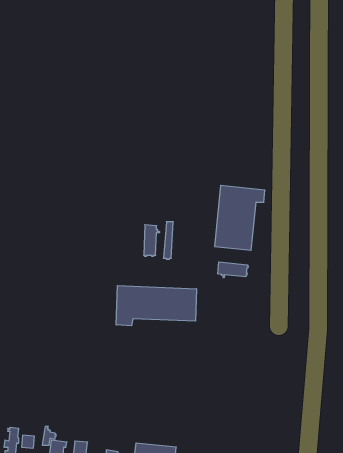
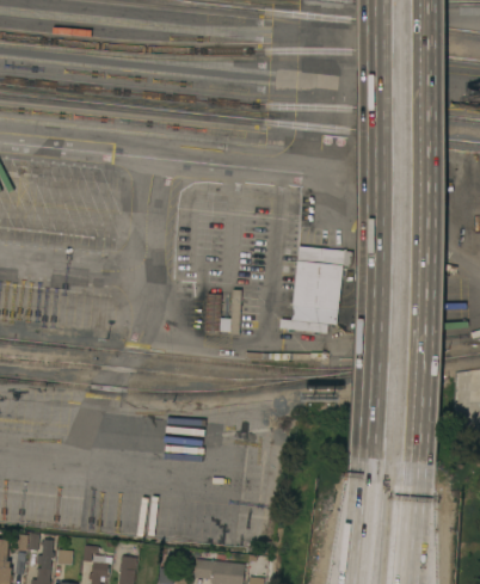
building: [218,262,248,278] -> none
building: [116,286,196,326] -> none

